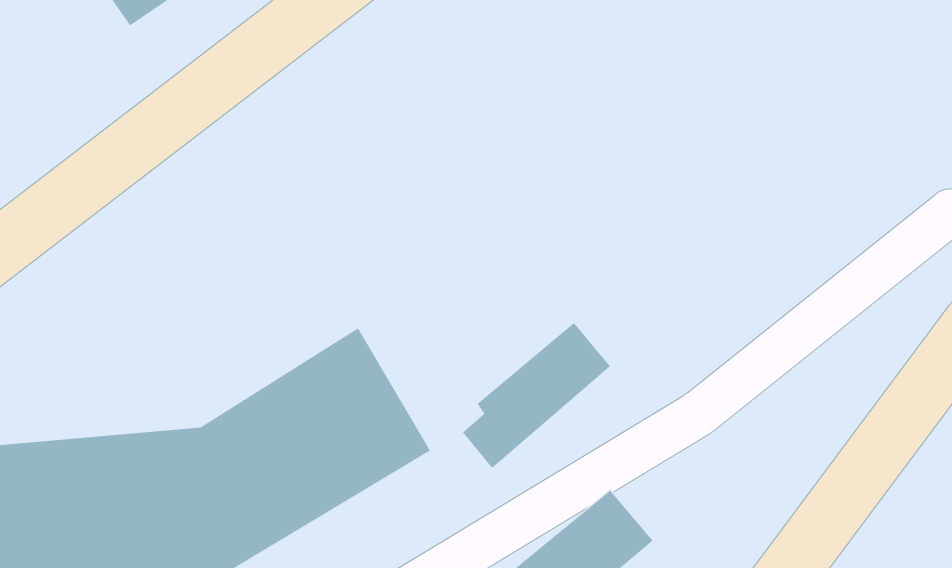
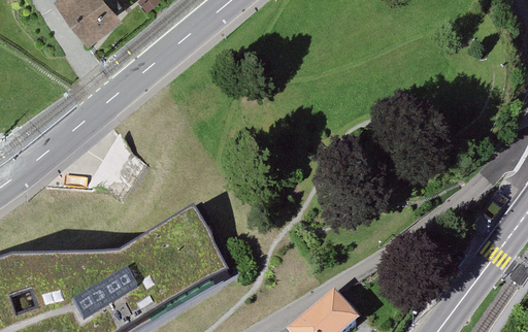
building: [462,322,611,469] -> none

